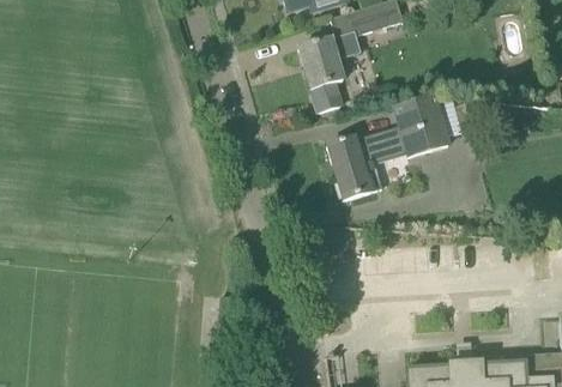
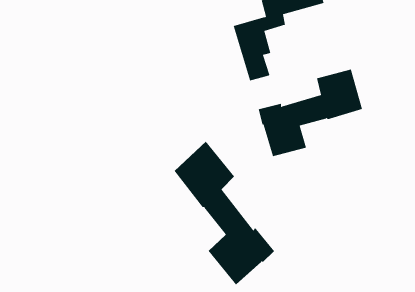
building: none -> [174,141,275,287]

